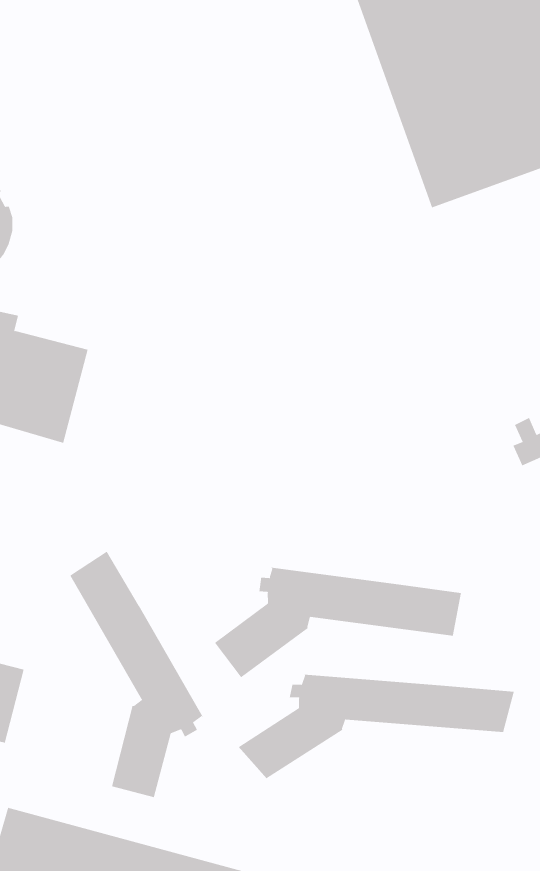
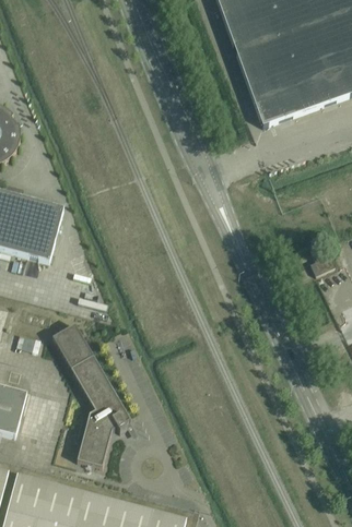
building: [214,567,462,678] -> none
building: [238,674,515,779] -> none

